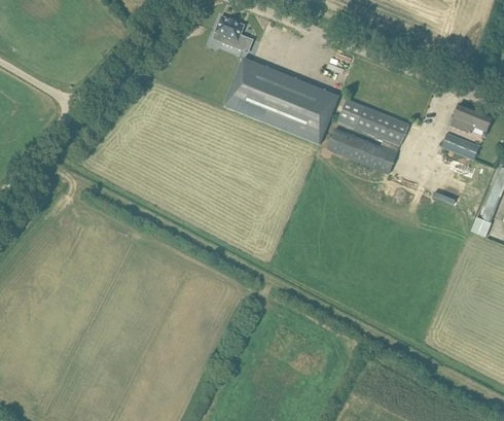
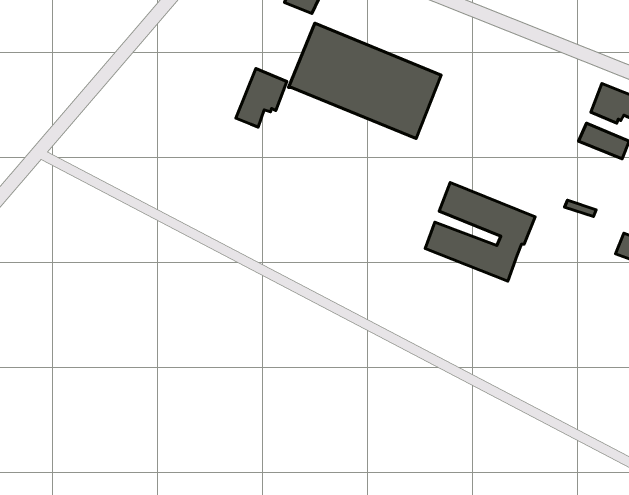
building: none -> [236,69,287,127]
building: [327,99,409,173] -> [425,182,535,281]

